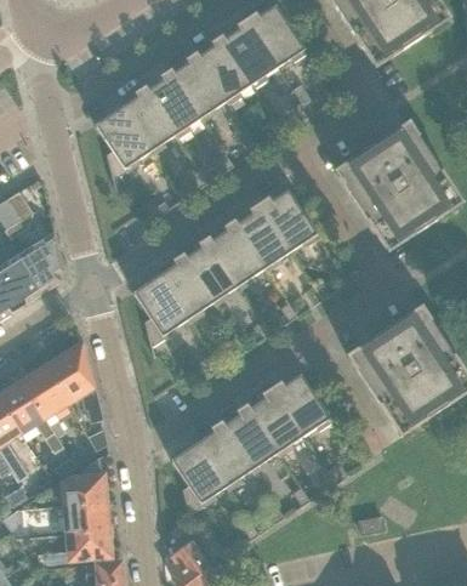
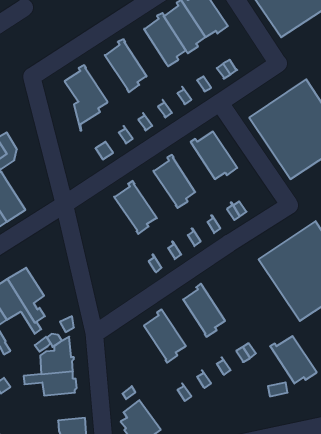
building: [171,51,226,120] -> none
building: [120,85,175,154] -> none
building: [234,201,289,271] -> none
building: [18,231,63,290] -> none
building: [183,235,239,305] -> none
building: [132,269,188,354] -> none
building: [44,341,99,422] -> none
building: [270,372,331,434] -> [270,336,317,384]
building: [222,403,277,472] -> none
building: [170,437,226,522] -> none
building: [44,528,112,563] -> none

